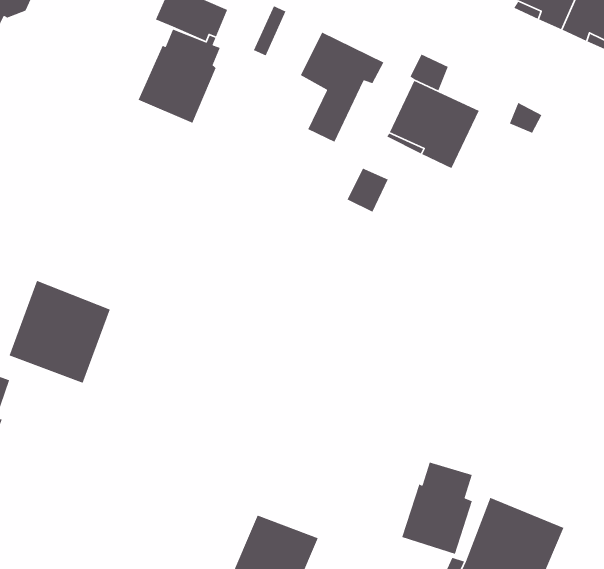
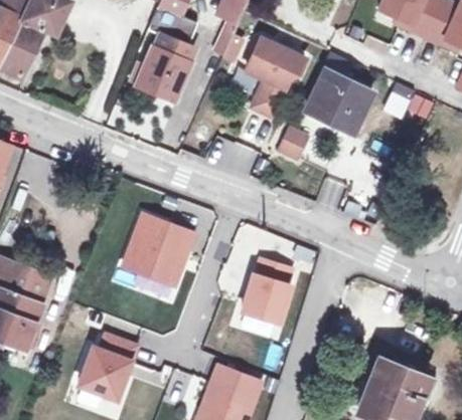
building: [9,280,111,384] -> [124,213,194,284]
building: [401,461,473,555] -> [242,259,291,324]
building: none -> [79,336,136,399]

